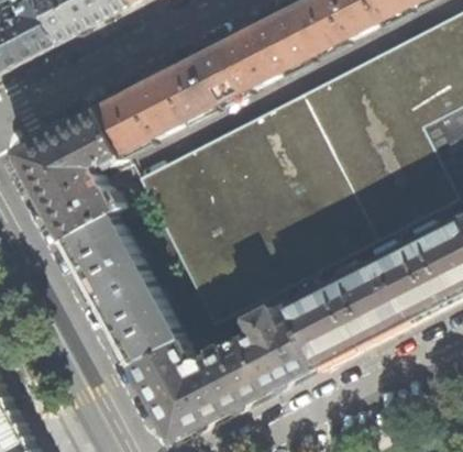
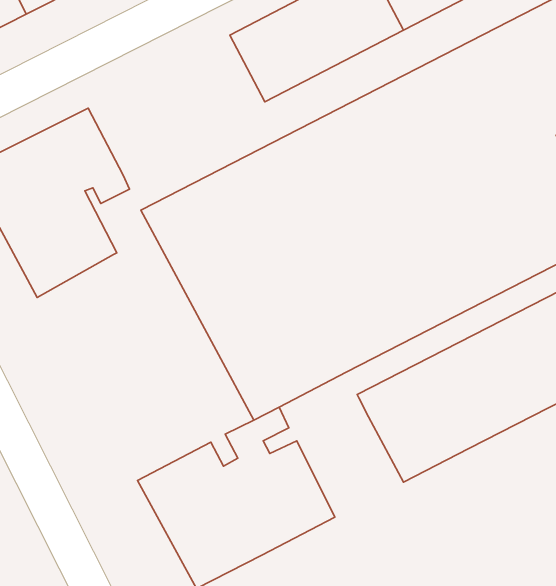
building: [99,57,221,154] -> none
building: [64,209,184,365] -> none
building: [231,290,317,390] -> none

